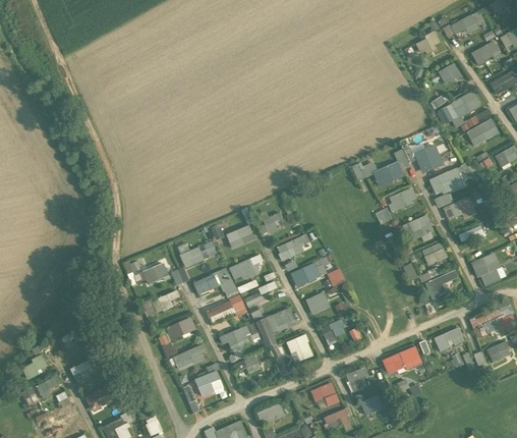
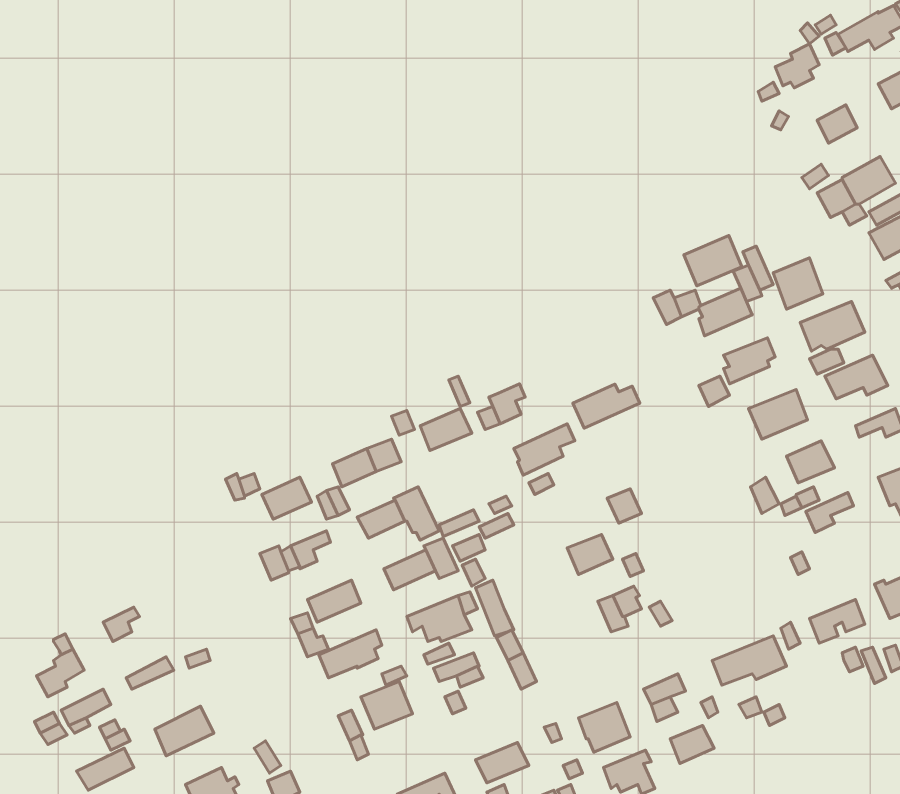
building: none -> [684,236,742,286]
building: [229,254,263,279] -> none
building: [291,263,327,286] -> [573,384,640,428]
building: [266,307,296,332] -> none
building: [286,334,312,362] -> none

